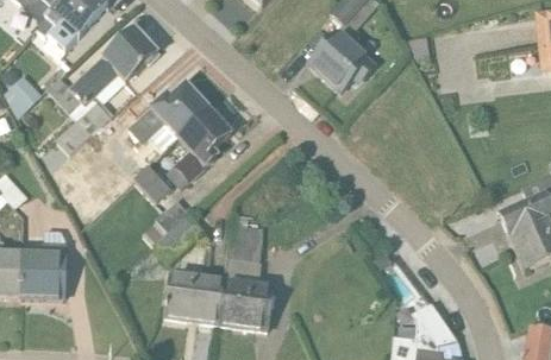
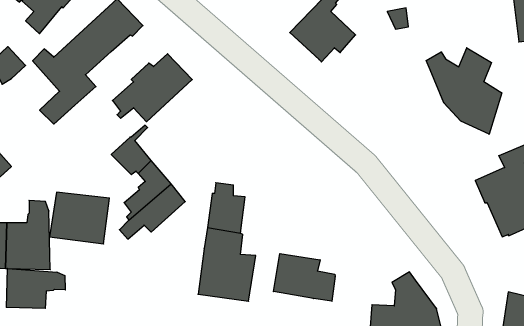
building: none -> [426,48,502,134]
building: [165,107,232,188] -> none
building: [161,272,221,324] -> [50,192,109,244]
building: none -> [273,254,335,301]
building: none -> [6,268,65,308]

